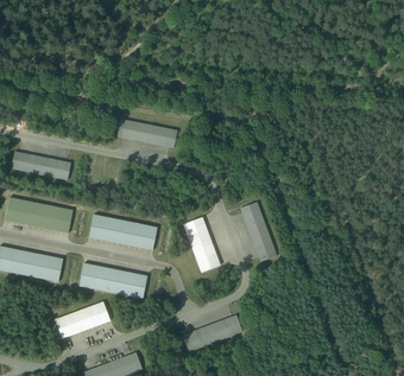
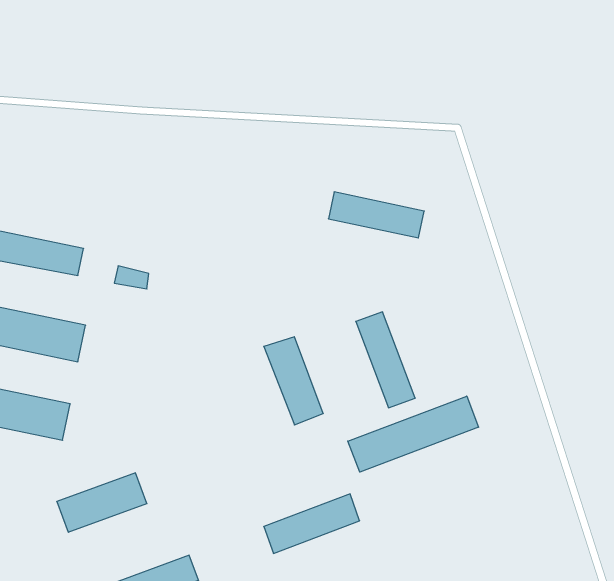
building: [116,119,176,147] -> [328,192,424,238]
building: [88,214,156,250] -> none
building: none -> [348,396,479,472]
building: [78,262,146,298] -> none

